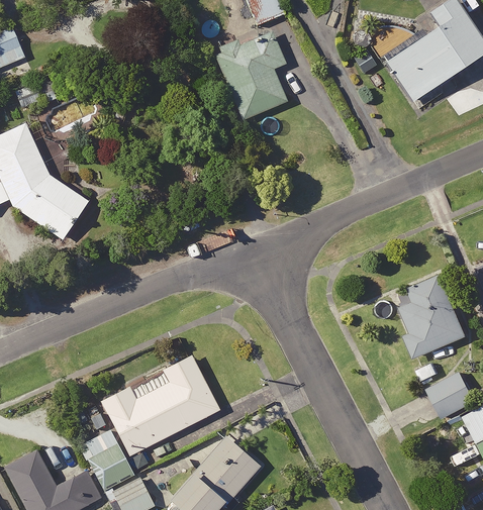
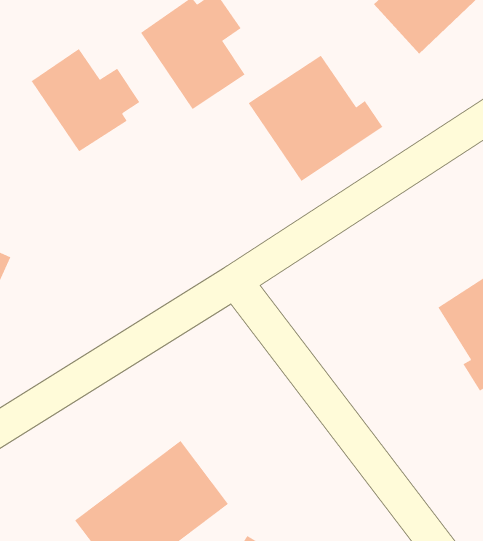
building: none -> [31,48,140,152]
building: none -> [248,55,383,182]

